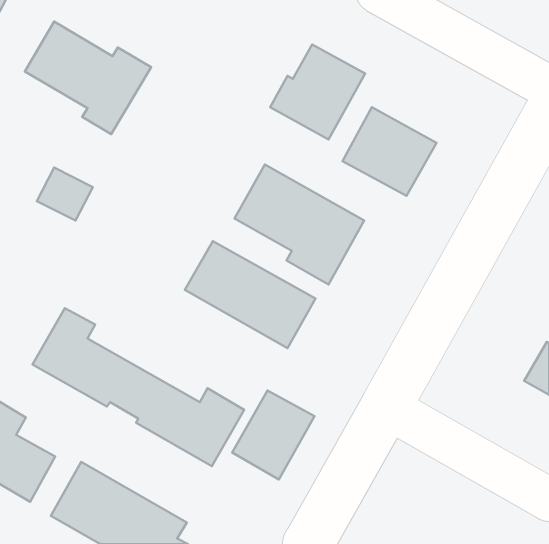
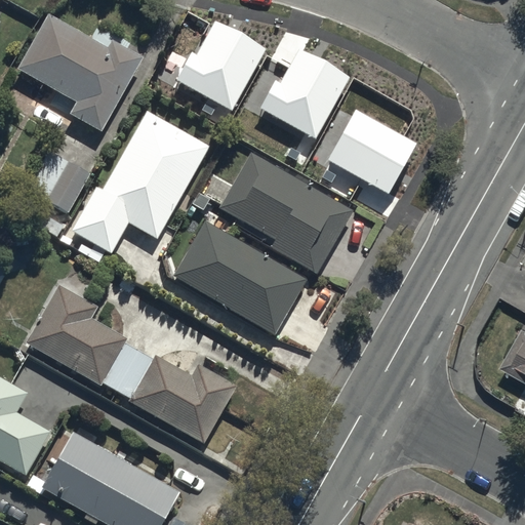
building: none -> [174,13,262,100]
building: none -> [83,118,207,252]
building: [232,391,315,479] -> none

